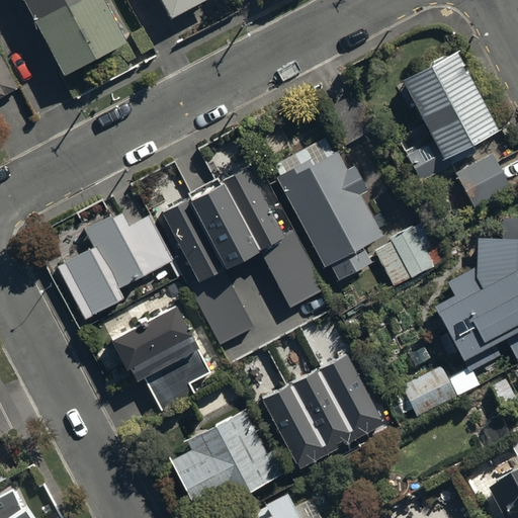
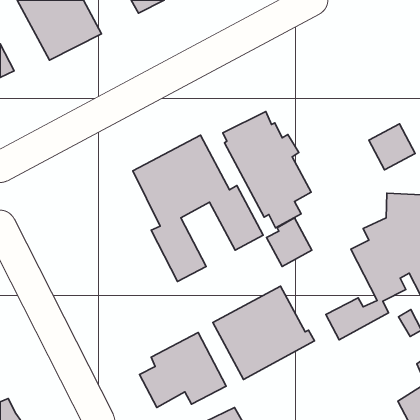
building: [401,52,495,182] -> none
building: [58,209,172,316] -> none
building: [376,227,432,286] -> [266,218,312,267]
building: [113,307,211,410] -> none

